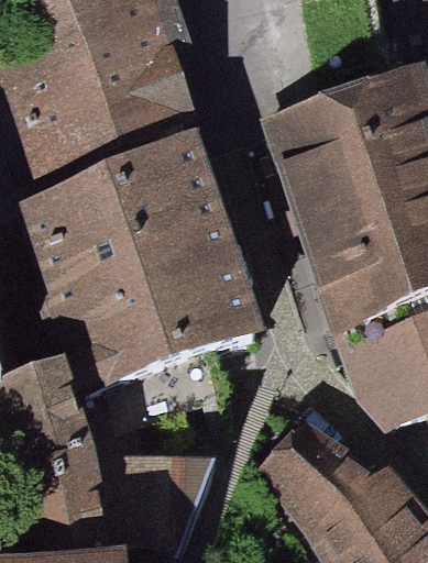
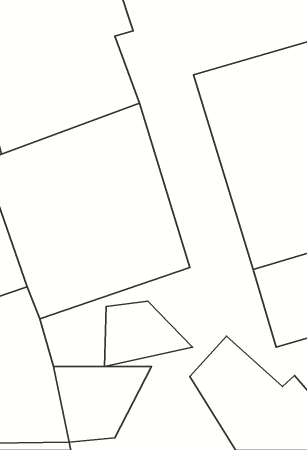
building: none -> [104,301,193,366]

